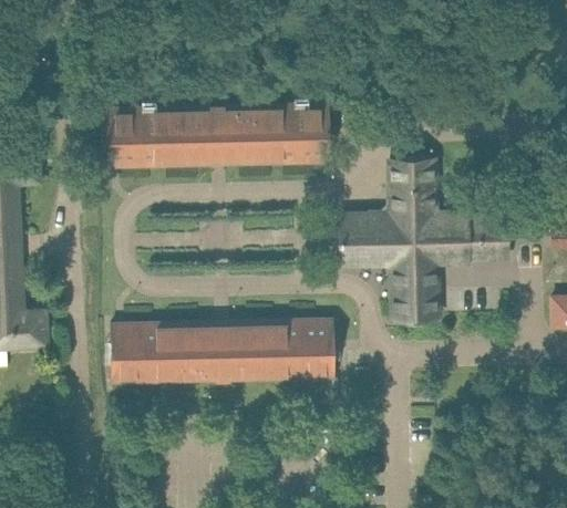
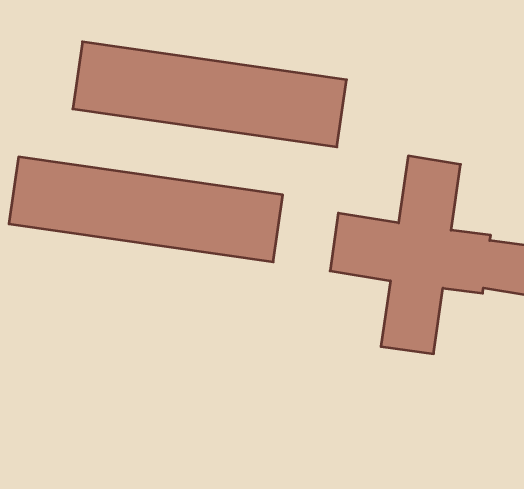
building: [111,321,334,382] -> [9,157,283,262]

